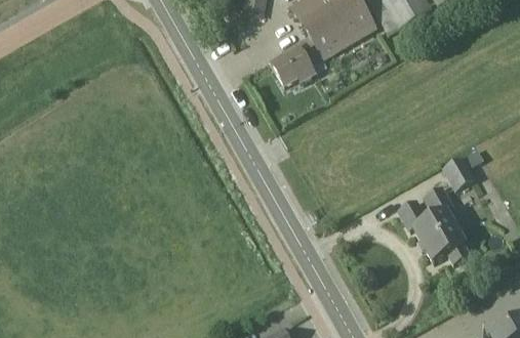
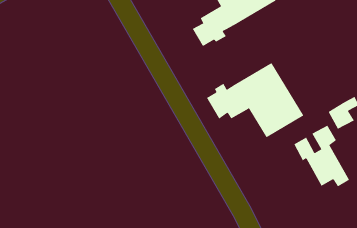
building: none -> [206,62,304,138]

